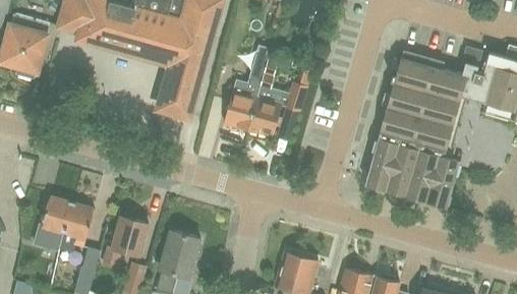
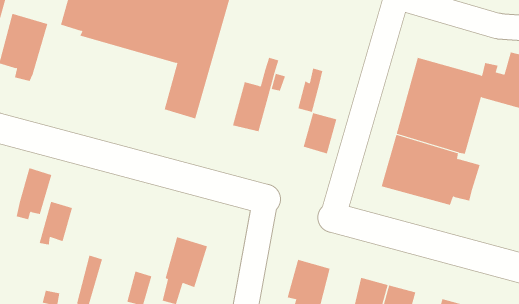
building: [249,96,282,135] -> [303,113,337,154]
building: [60,200,95,250] -> [16,167,52,220]
building: [104,215,149,264] -> none

